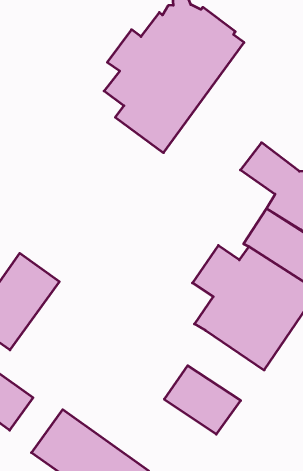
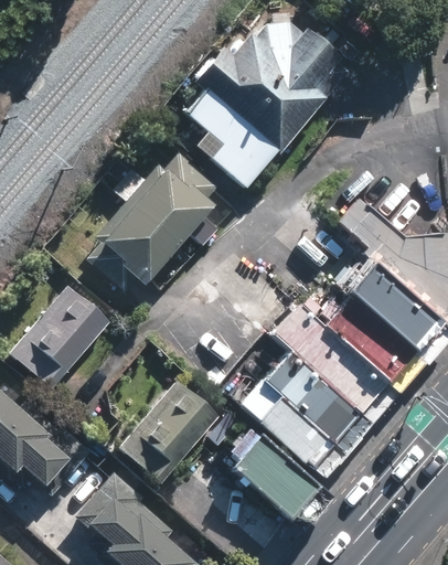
building: none -> [98,173,213,294]
building: none -> [124,379,217,475]
building: none -> [248,395,339,478]

